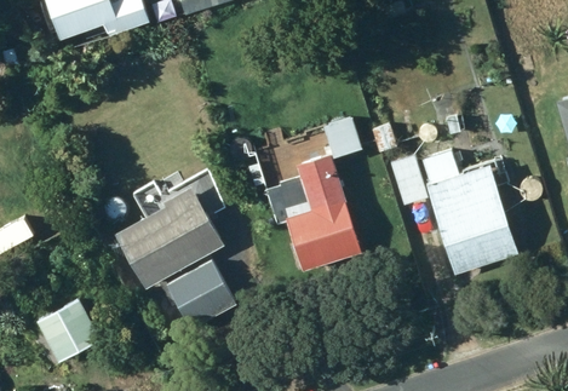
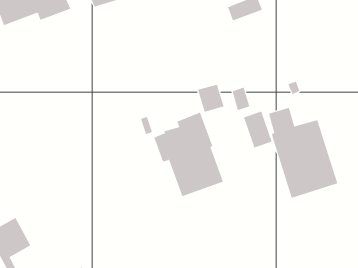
building: [115,189,223,288] -> none
building: [166,258,236,328] -> none

